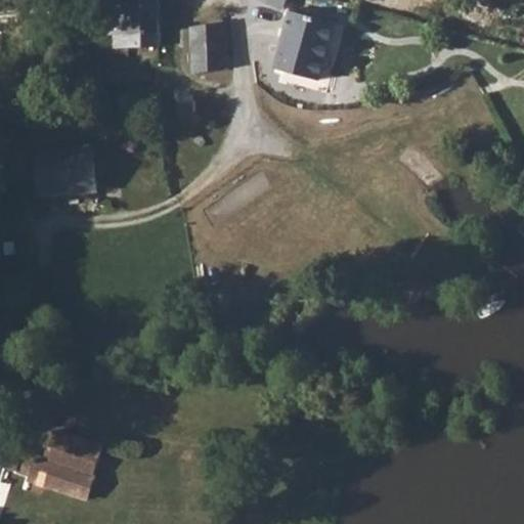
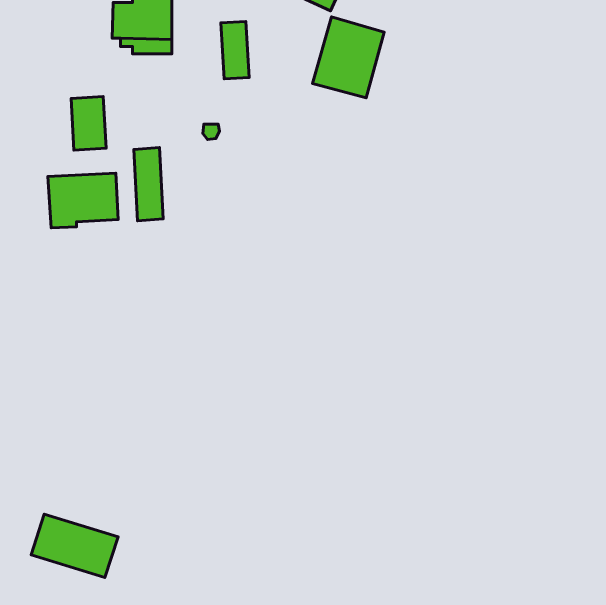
building: none -> [71,96,106,150]
building: none -> [134,148,163,221]

